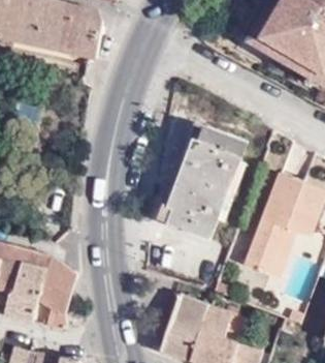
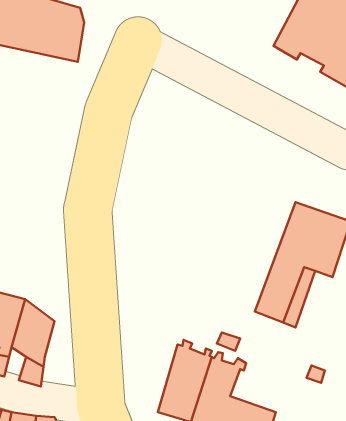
building: [168,125,245,236] -> none

